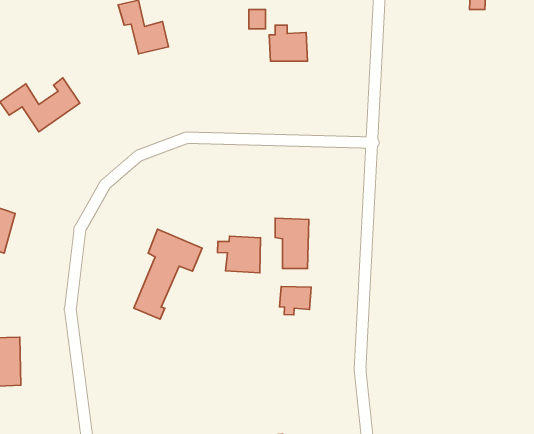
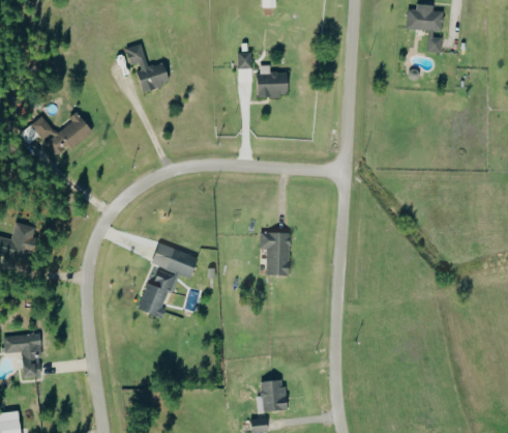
building: [218,236,261,273] -> none
building: [280,287,311,315] -> none
building: none -> [258,380,286,412]

